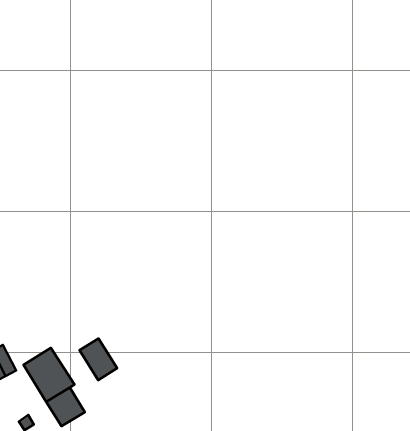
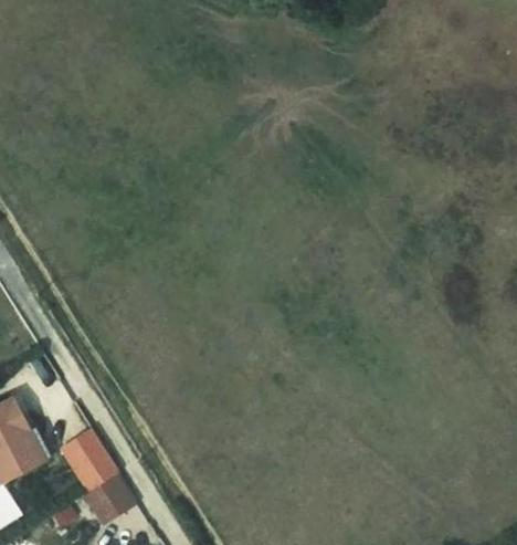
building: [80,338,117,380] -> none

